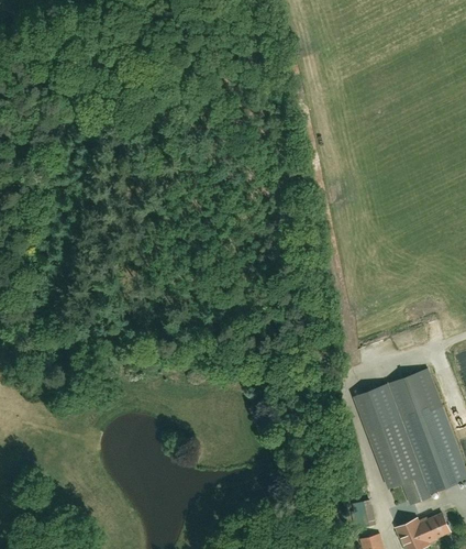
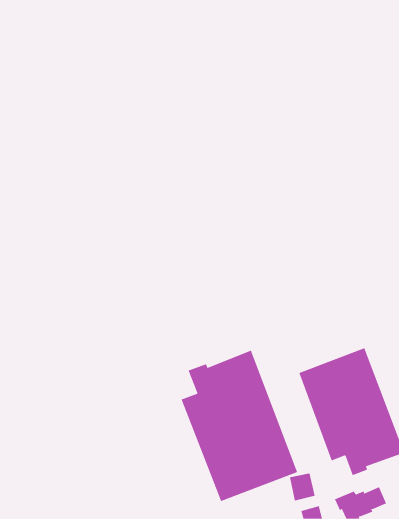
building: none -> [181,350,298,502]

